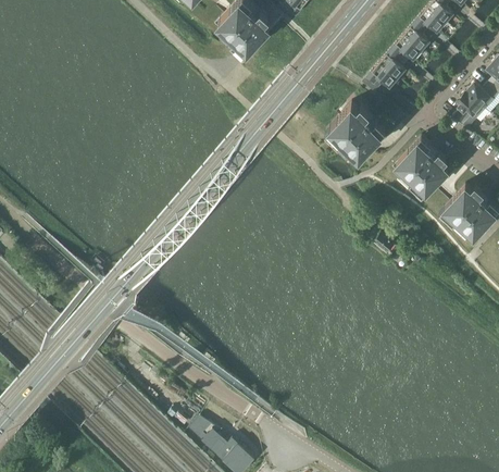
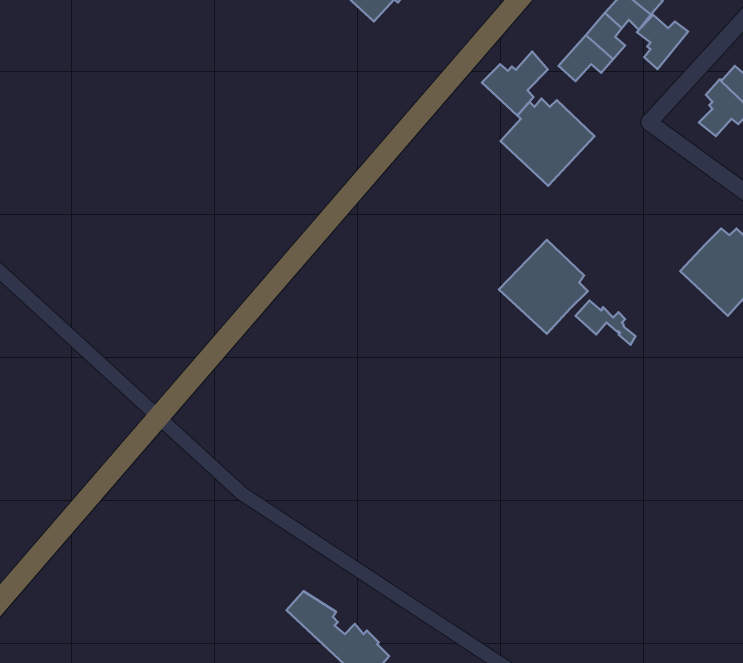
building: none -> [637,15,688,69]
building: none -> [482,52,548,116]
building: [392,138,449,198] -> [499,240,588,334]

